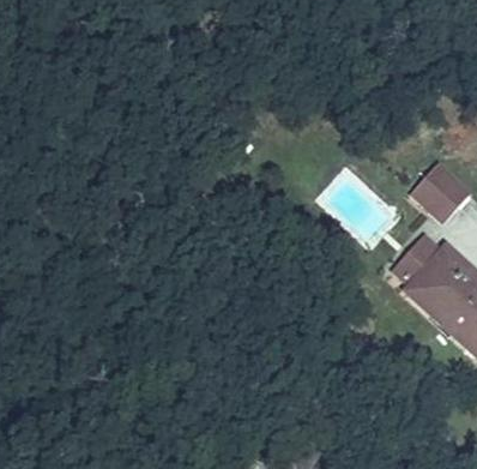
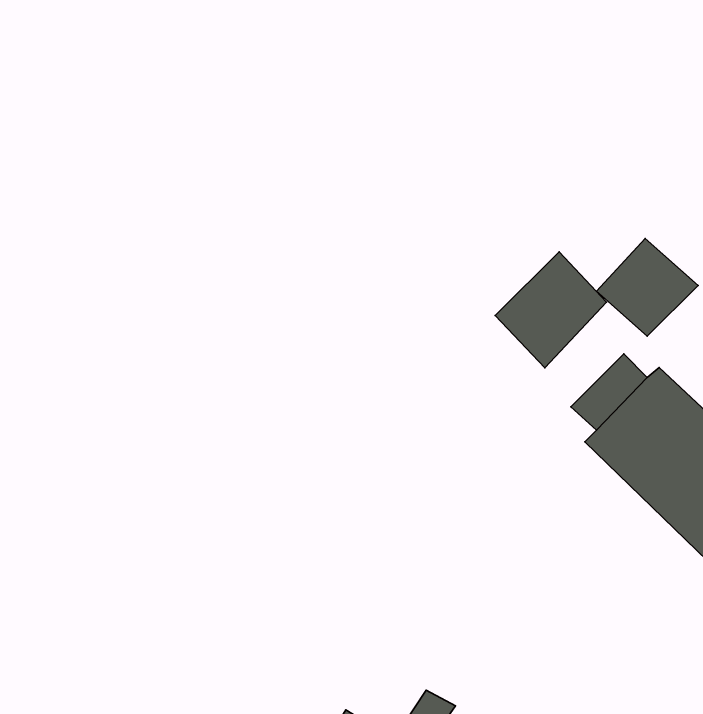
building: none -> [495,252,607,368]

